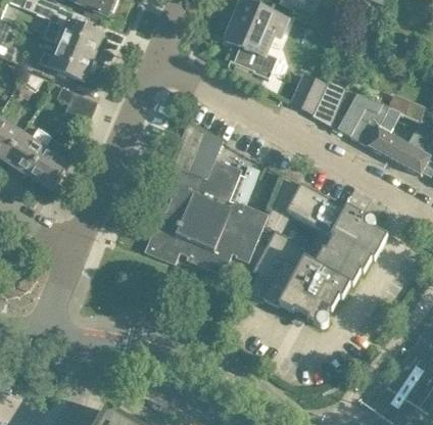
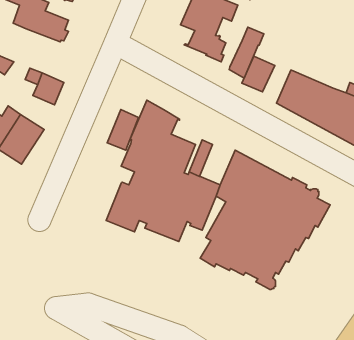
building: [38,44,97,81] -> none
building: [312,69,350,125] -> [229,27,264,78]
building: none -> [107,109,138,150]

